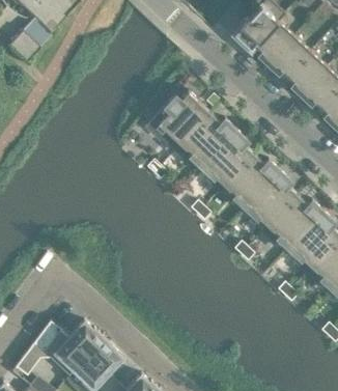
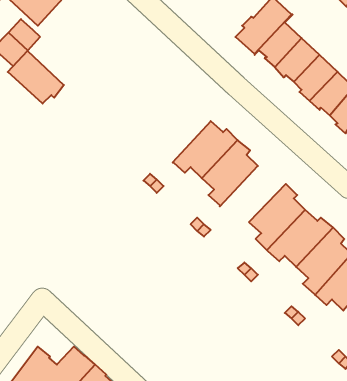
building: none -> [8,51,64,104]
building: [159,92,210,151] -> none
building: [219,155,280,206] -> none

